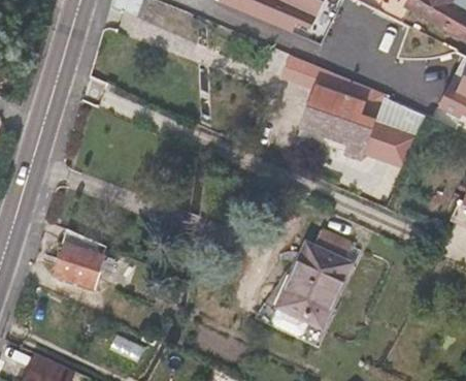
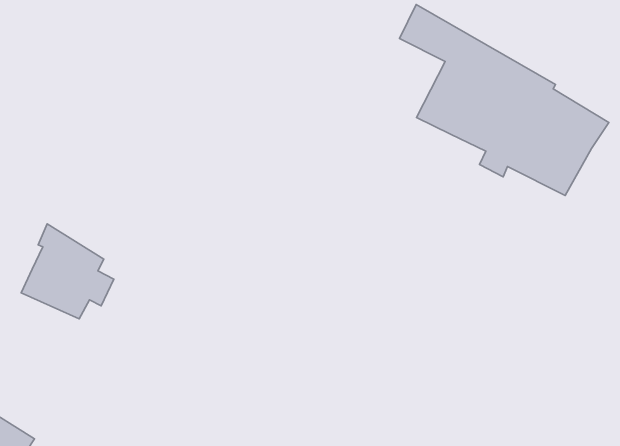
building: [274,230,352,327] -> none

